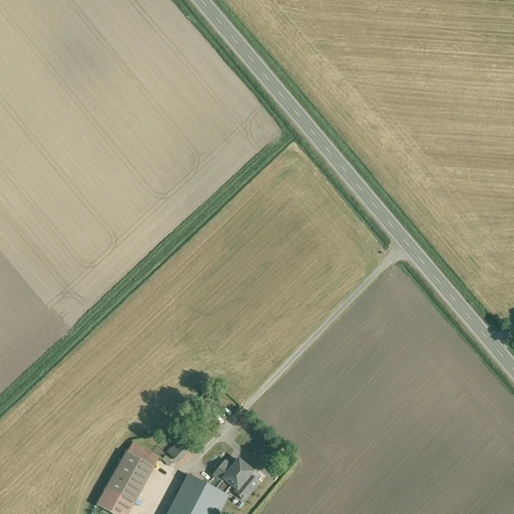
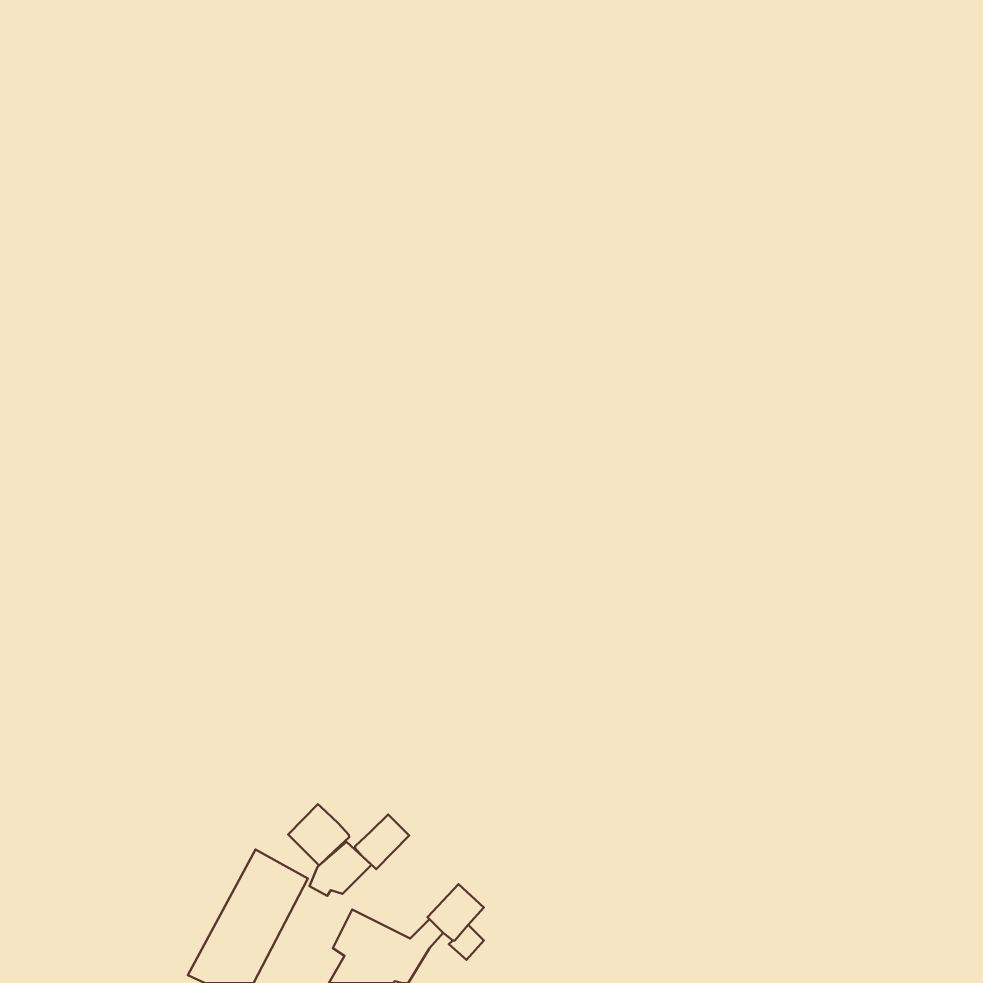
building: none -> [288,804,349,865]
building: none -> [355,814,409,869]

